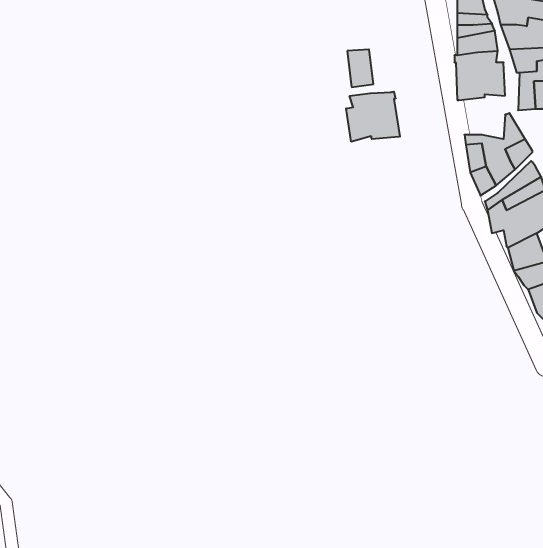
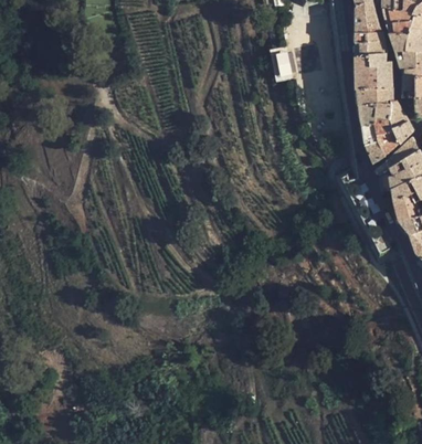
building: [346,92,400,142] -> none
building: none -> [357,85,393,119]

